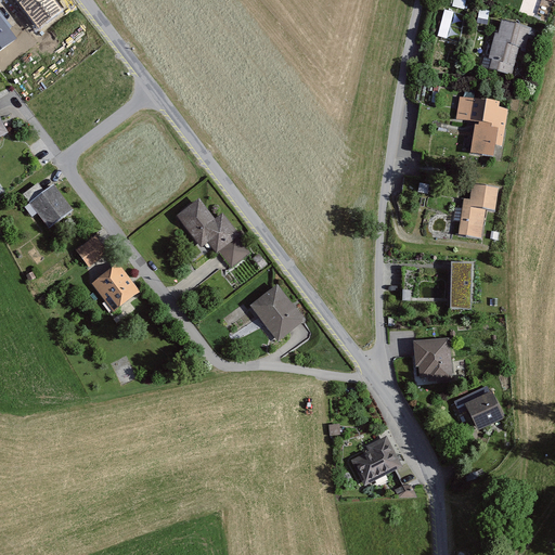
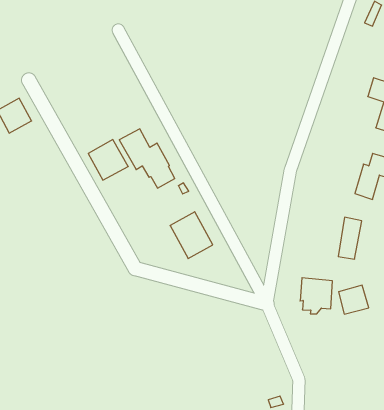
building: [76,234,109,267] -> none
building: [91,263,140,312] -> [88,140,128,180]
building: [465,392,503,429] -> [339,285,369,314]
building: [350,436,401,486] -> none

